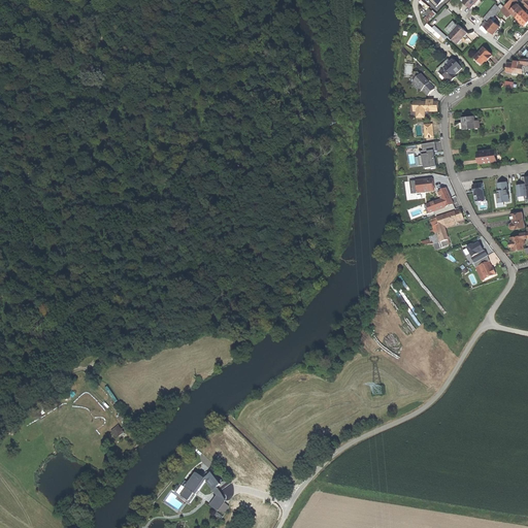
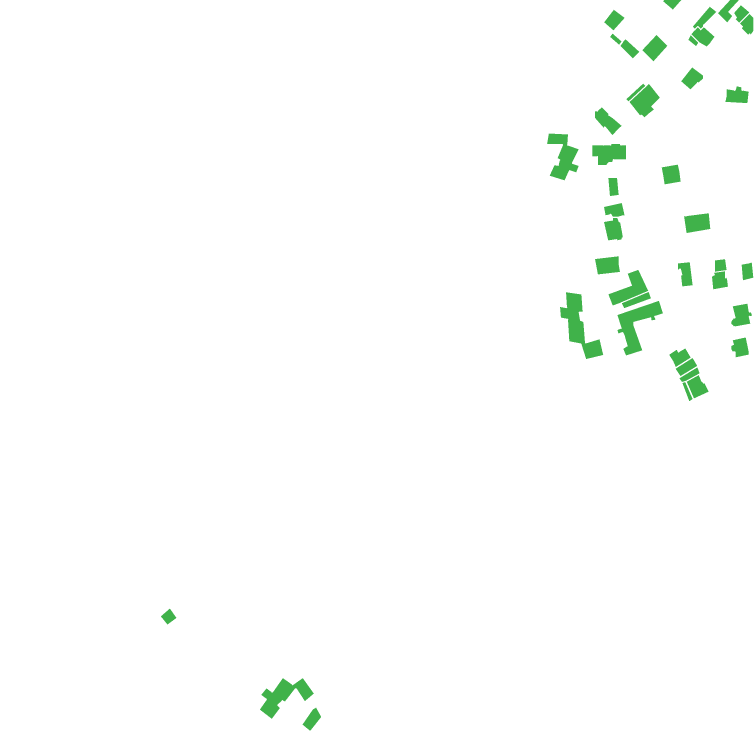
building: none -> [546,133,580,181]
building: none -> [559,292,604,360]

